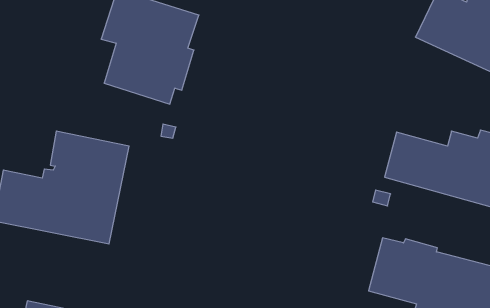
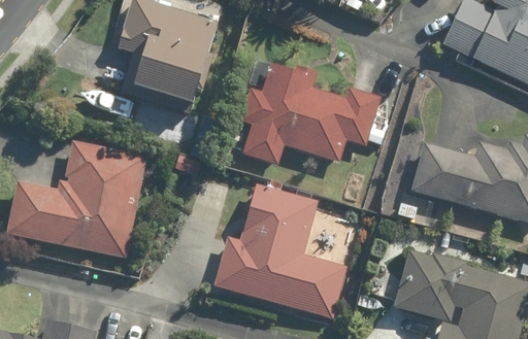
building: none -> [240,64,386,164]
building: none -> [214,180,346,317]

